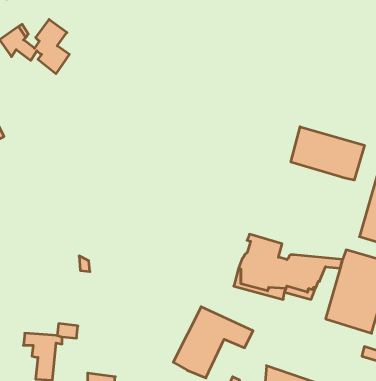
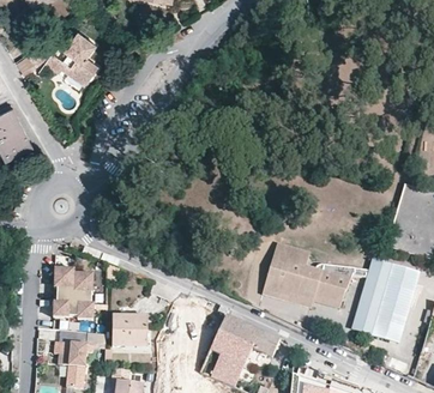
building: [291,127,364,180] -> none
building: none -> [54,267,96,319]
building: none -> [111,314,146,345]

